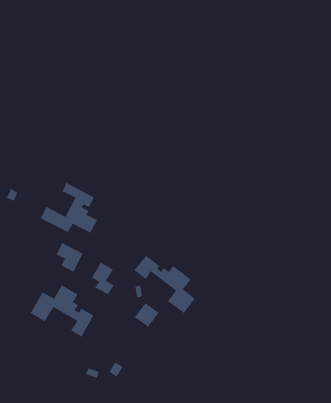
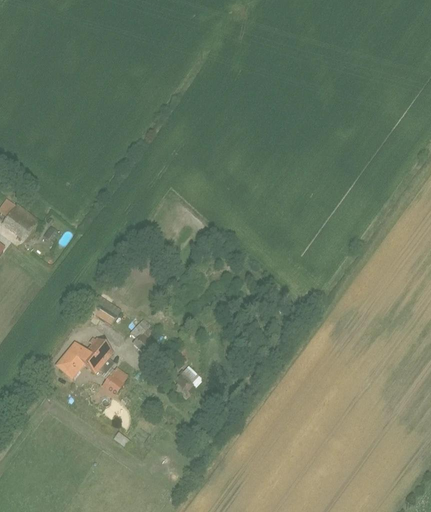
building: [40,182,98,234] -> none
building: [133,255,196,314] -> none

